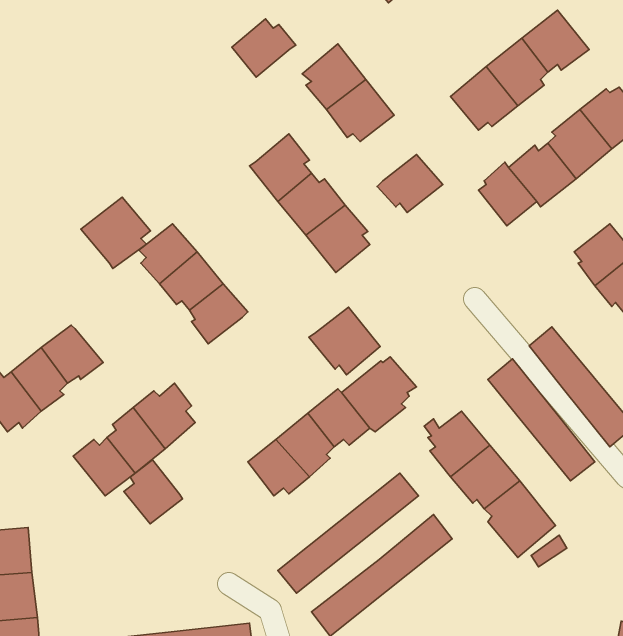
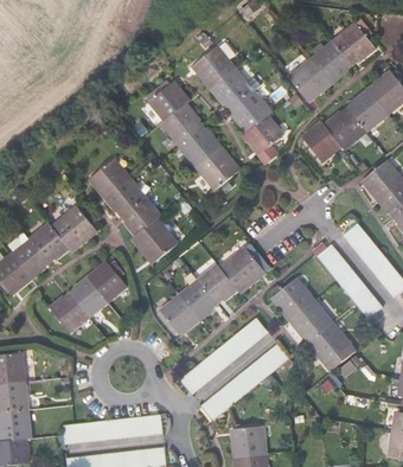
building: [232,19,296,77] -> [149,84,190,121]
building: none -> [231,91,270,133]
building: [81,197,150,268] -> [51,206,95,251]
building: [309,307,380,375] -> [132,219,177,262]
building: [124,460,183,524] -> none

